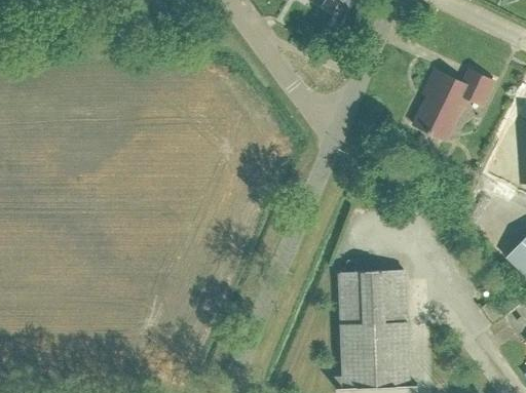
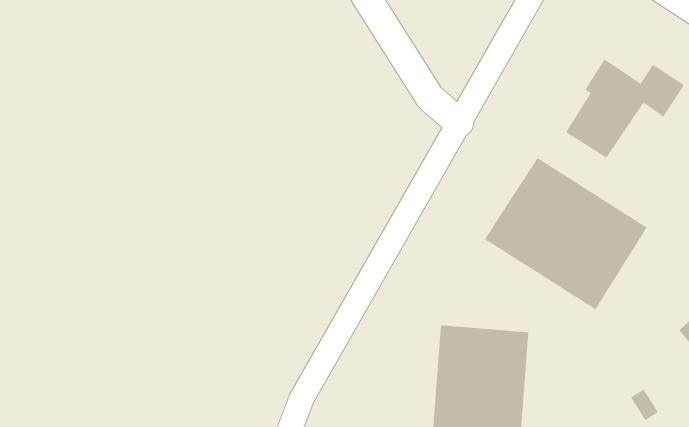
building: none -> [484,157,647,310]

